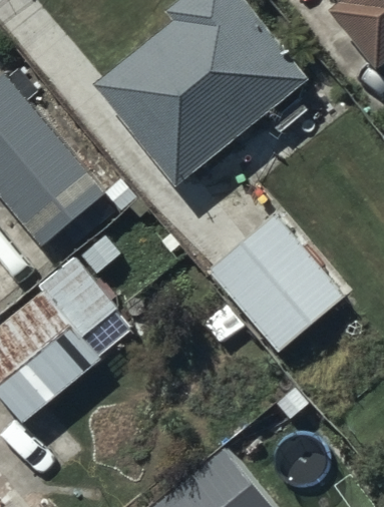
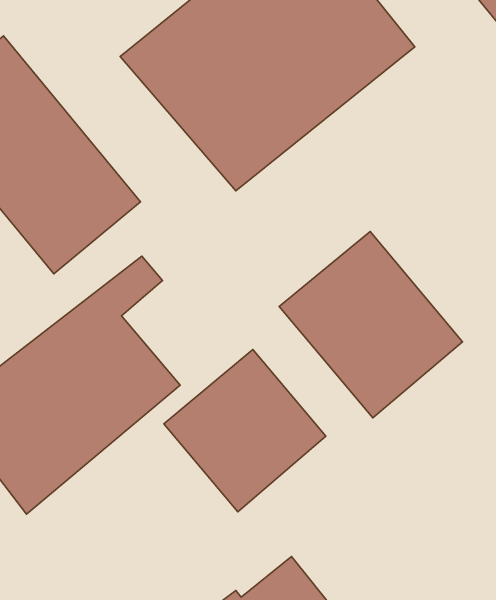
building: none -> [164,350,326,512]

